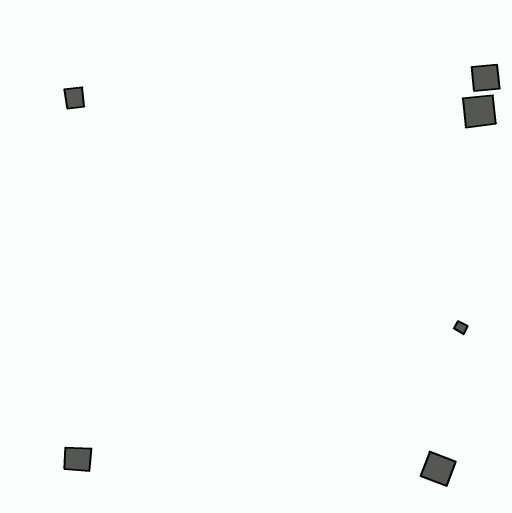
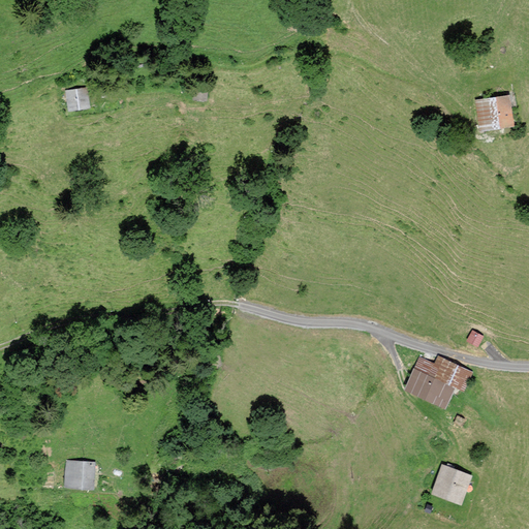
building: [472,65,499,91] -> none
building: none -> [406,357,469,403]

